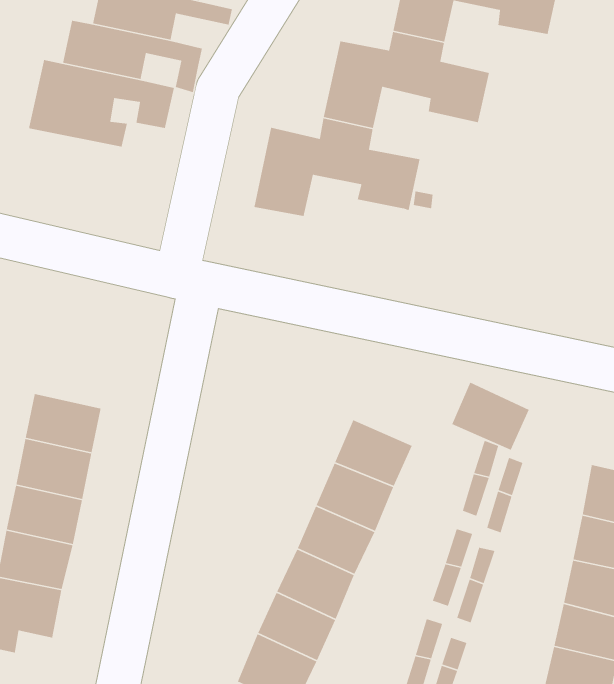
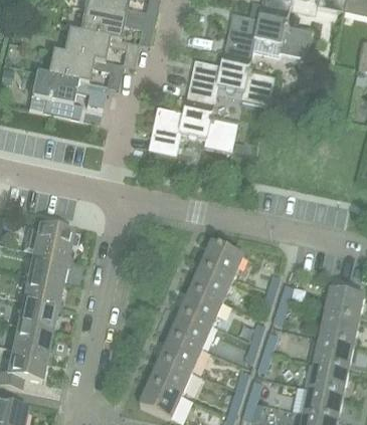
building: none -> [31,225,73,257]
building: [451,381,530,451] -> [202,240,244,277]

